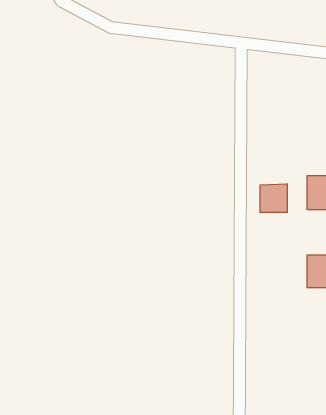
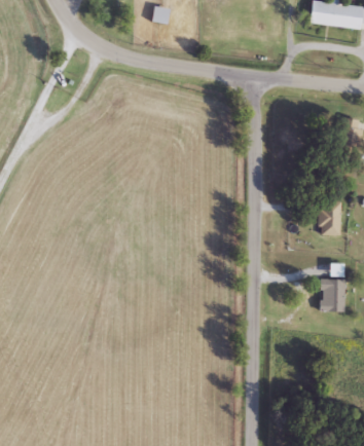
building: [260,184,287,213] -> none

